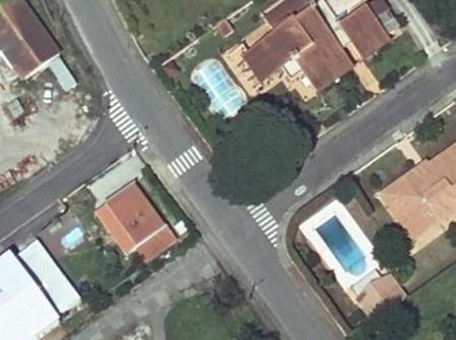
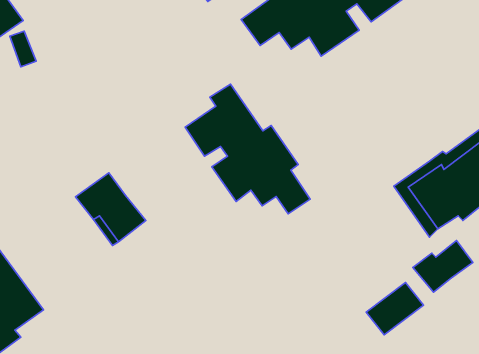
building: none -> [185,84,310,214]
building: none -> [413,241,473,292]

